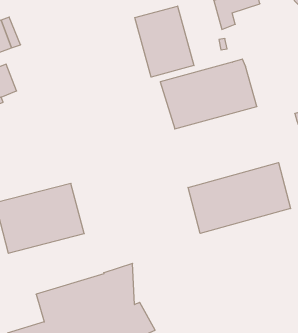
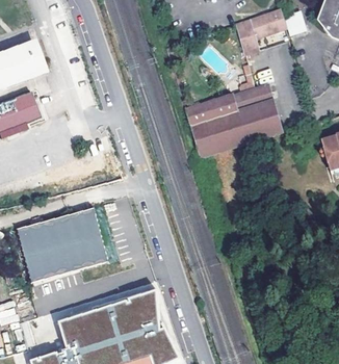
building: [135,6,194,77] -> none
building: [188,163,291,233] -> none

